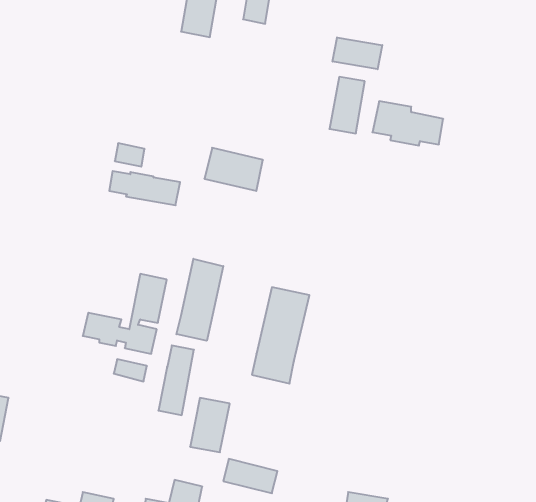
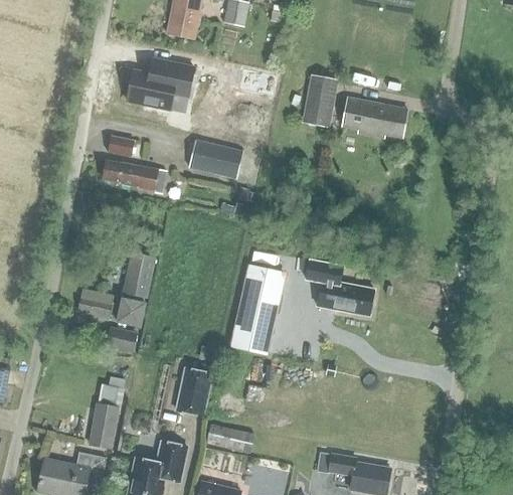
building: [333,37,382,69] -> none
building: none -> [127,57,195,109]
building: [176,259,223,341] -> none
building: none -> [306,260,373,315]
building: [158,345,194,415] -> [89,383,121,447]

